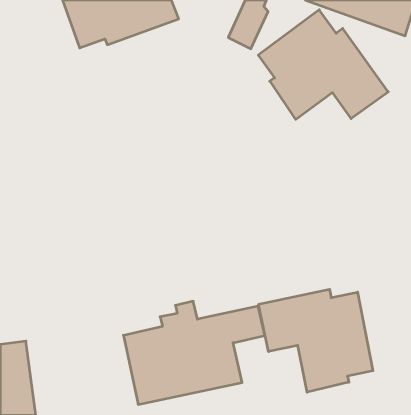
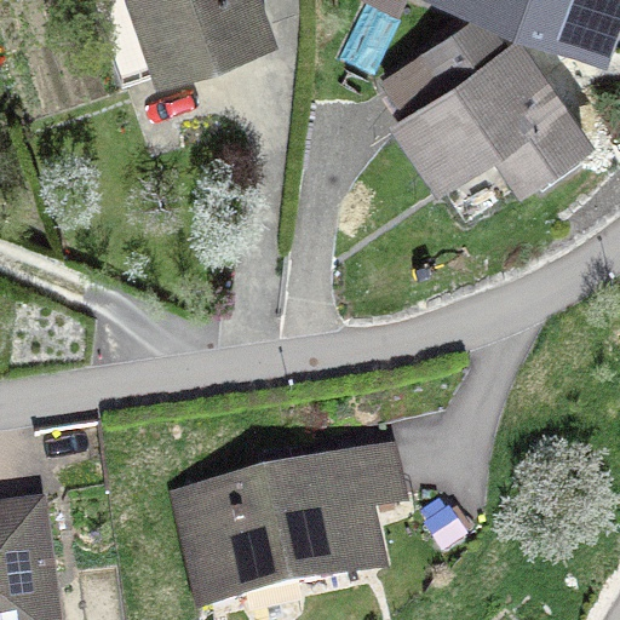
building: [259,289,373,392] -> none

